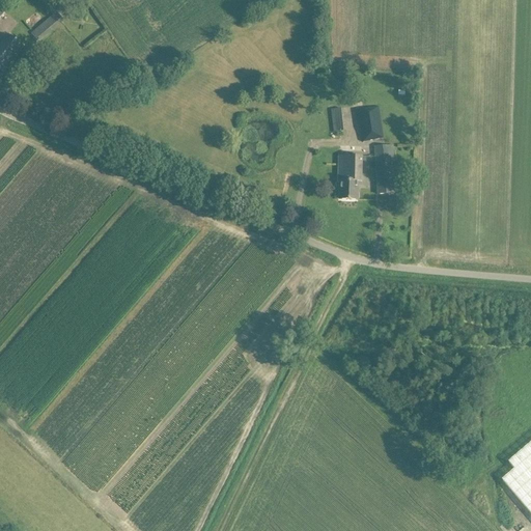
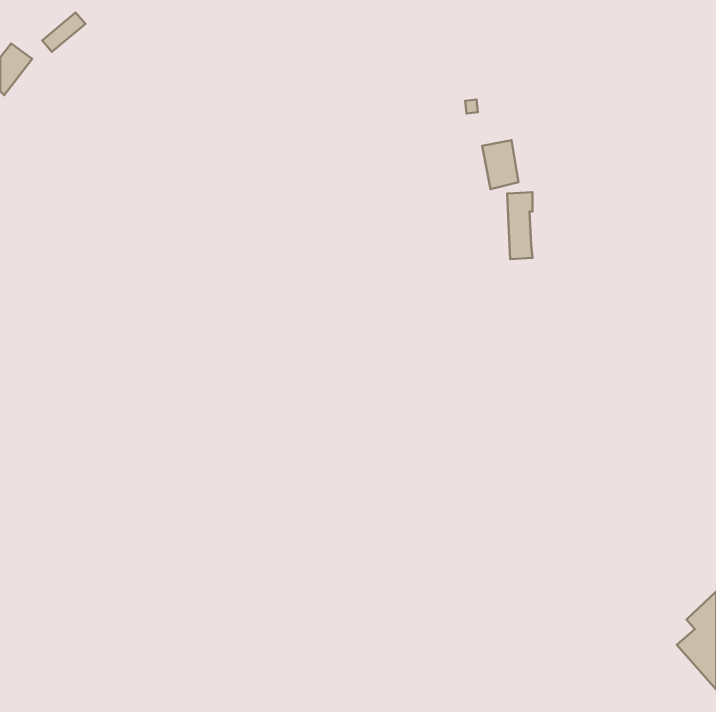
building: [339,155,362,197] -> none

